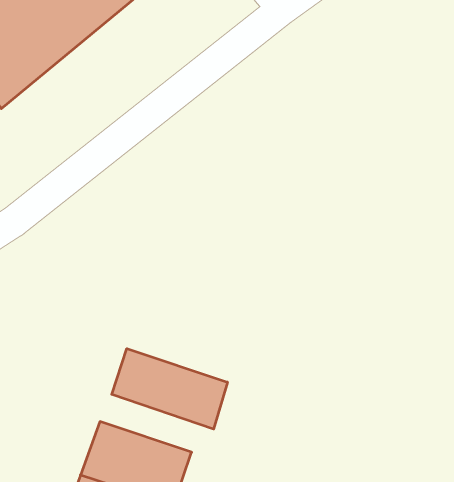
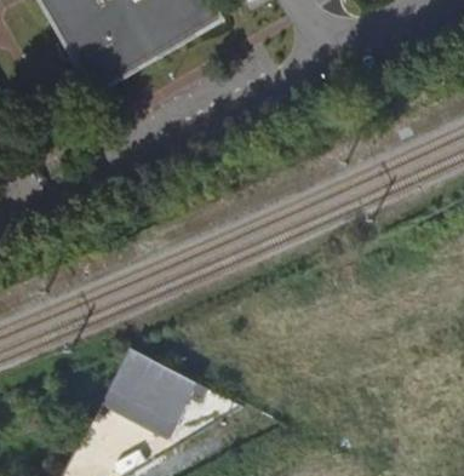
building: [112,349,227,429] -> none

